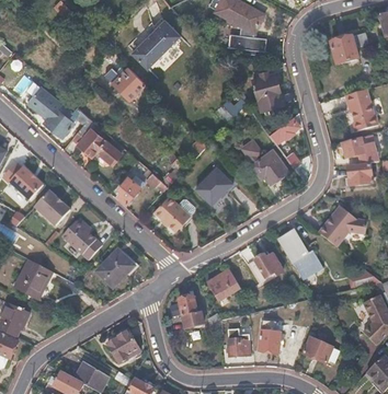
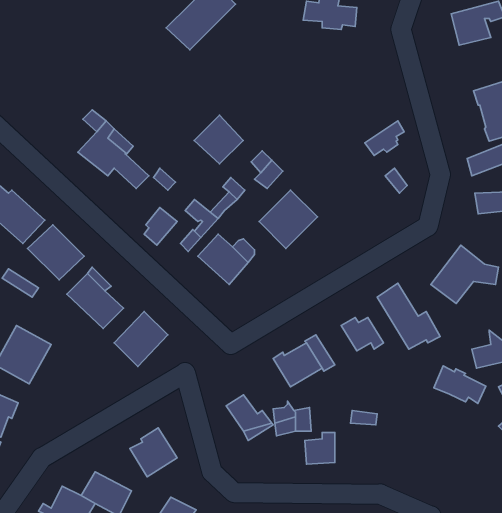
building: [111,66,145,100] -> [194,115,243,164]
building: [251,73,284,112] -> none
building: [28,86,75,137] -> none
building: [243,140,287,183] -> none
building: [255,331,281,354] -> none
building: [305,337,341,363] -> [434,366,486,403]

